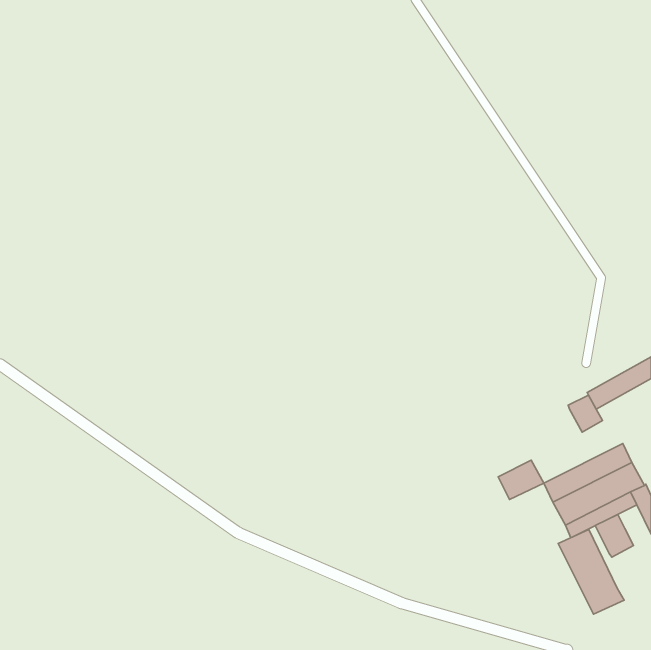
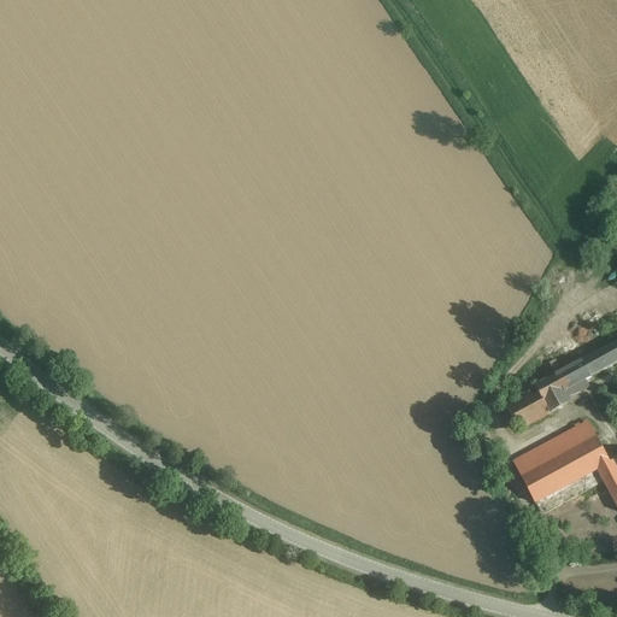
building: [498,460,544,500] -> [507,387,551,424]
building: [595,515,633,557] -> none
building: [558,530,624,614] -> none

